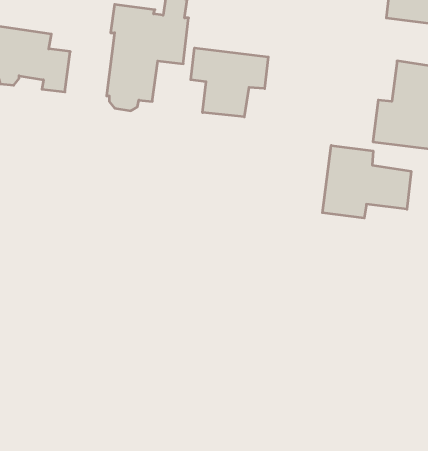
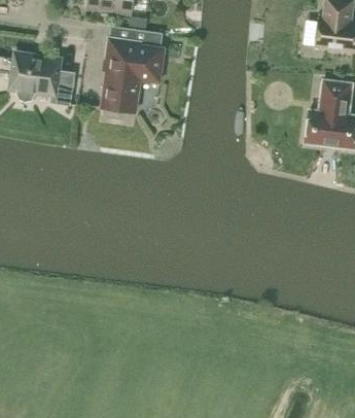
building: [191,48,268,117] -> none
building: [322,145,411,218] -> none

